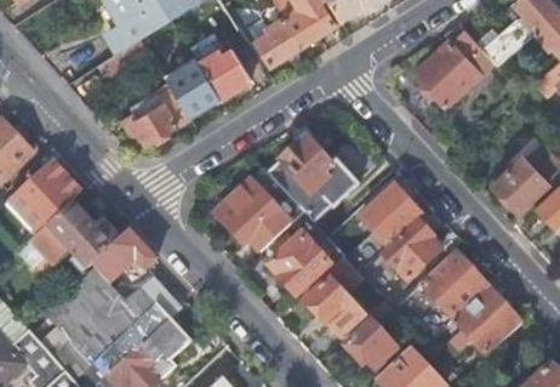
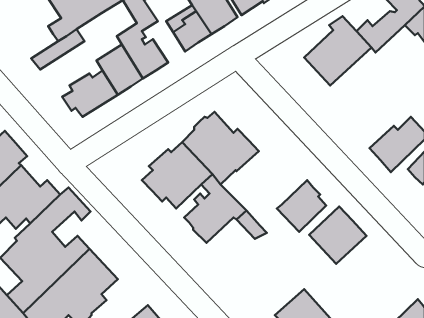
building: [359,186,422,249] -> none
building: [303,277,370,340] -> none
building: [452,286,521,355] -> none
building: [345,321,396,368] -> none

